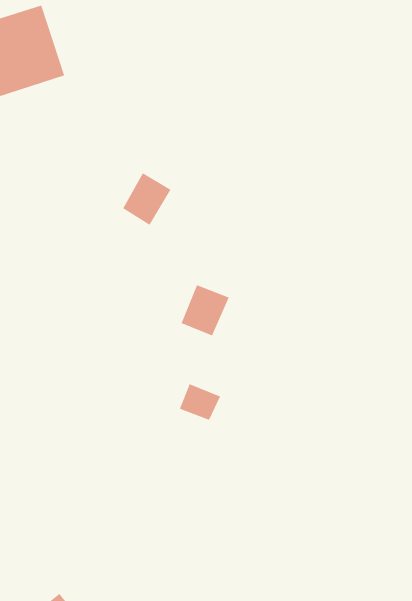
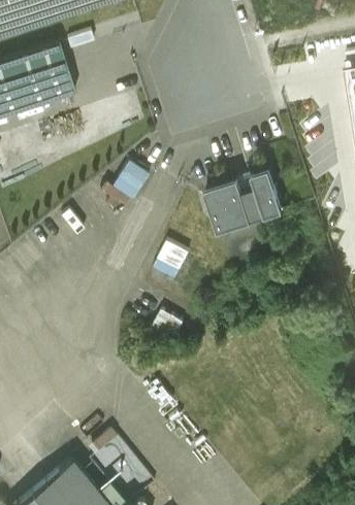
building: none -> [205,173,283,232]

